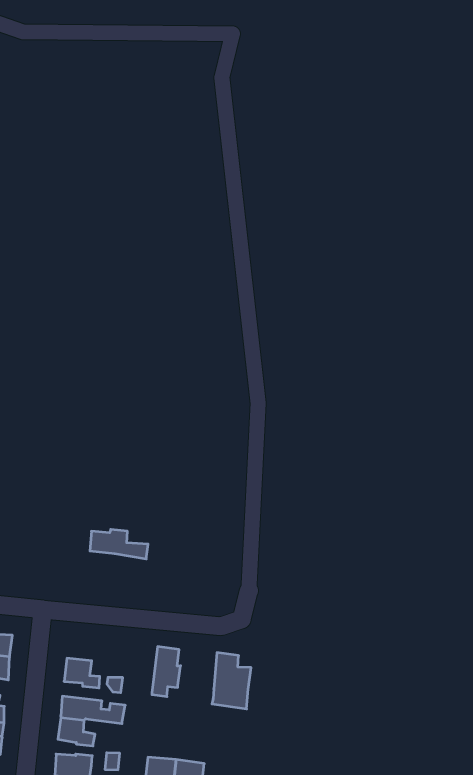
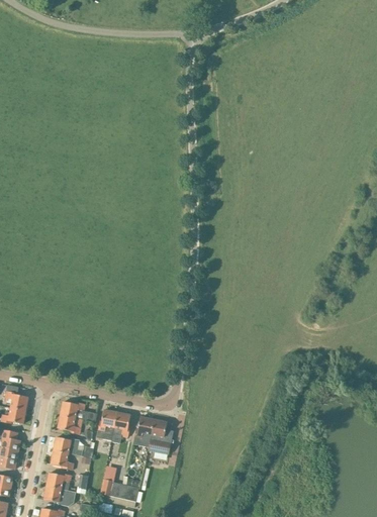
building: [90,529,148,559] -> [60,402,96,422]
building: none -> [95,410,116,440]
building: none -> [132,417,153,447]

